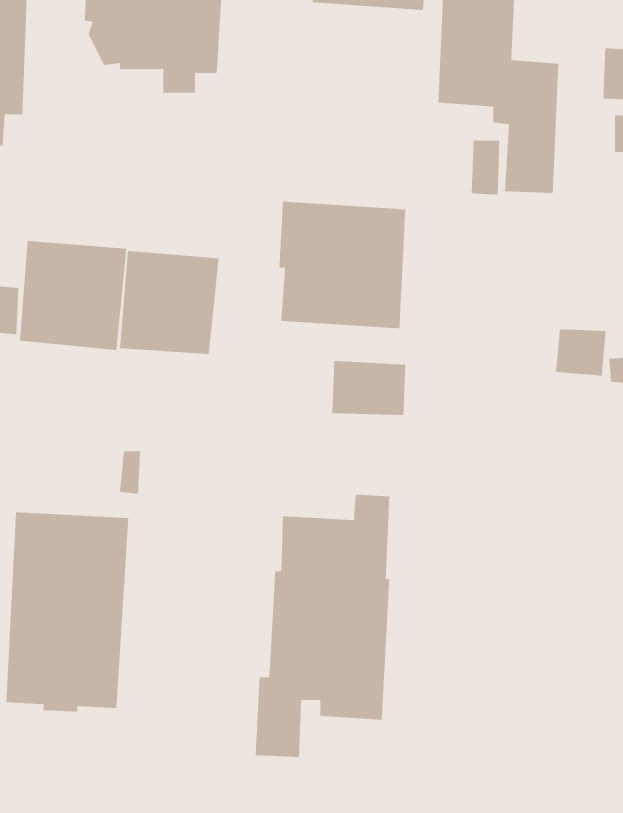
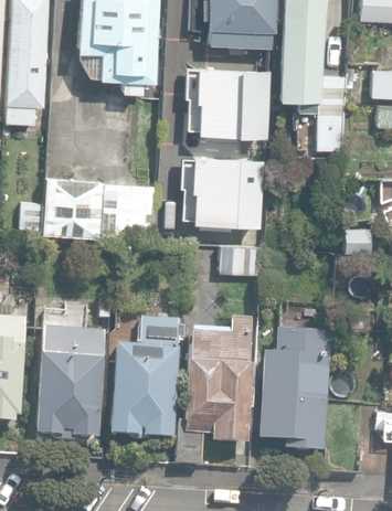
building: none -> [193,67,268,142]
building: none -> [109,323,179,440]
building: none -> [259,332,330,454]

